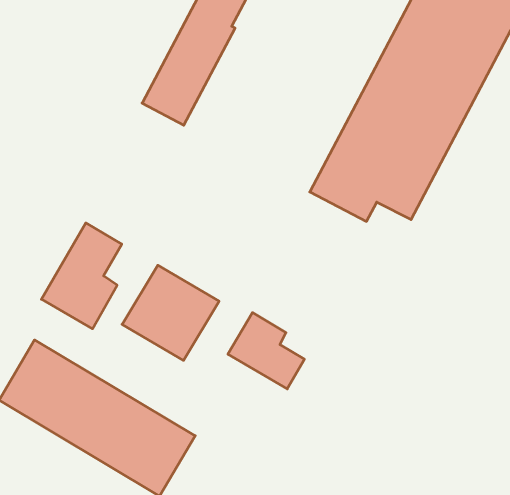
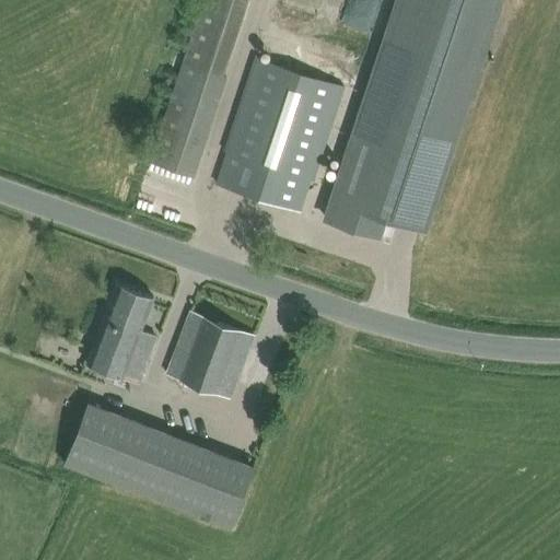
building: none -> [218,65,341,213]
building: [228,313,304,389] -> none

